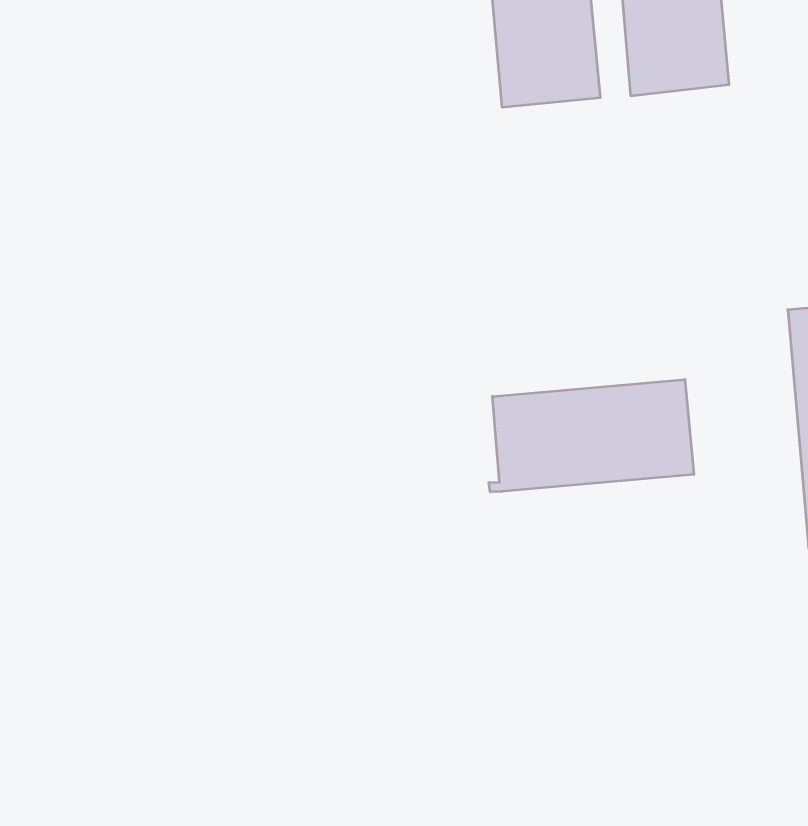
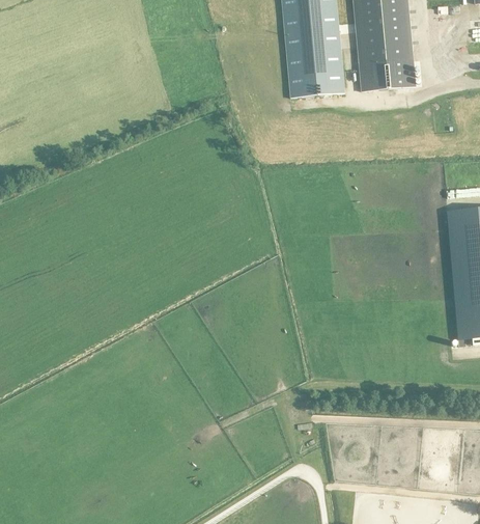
building: [489,379,694,492] -> none

